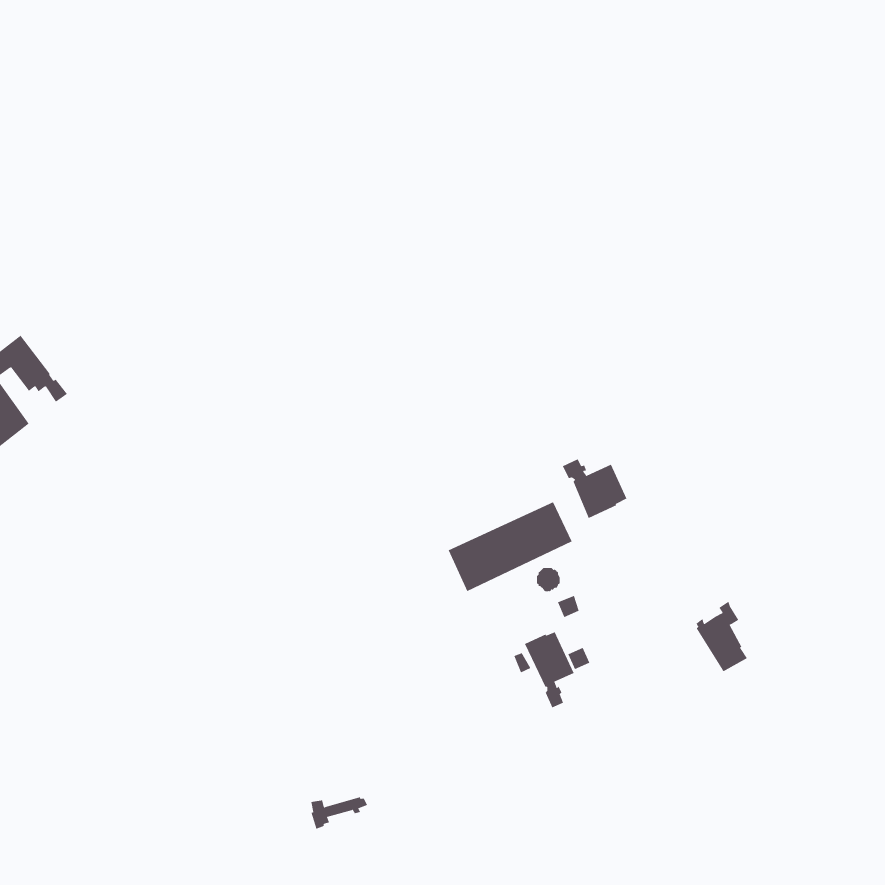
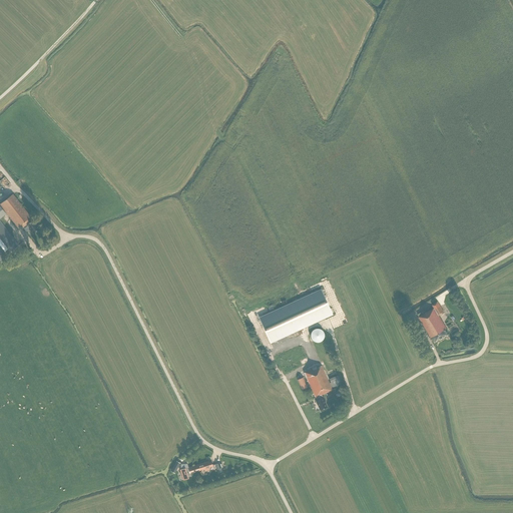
building: [562,458,627,519] -> none
building: [696,601,748,672] -> [418,301,448,342]

